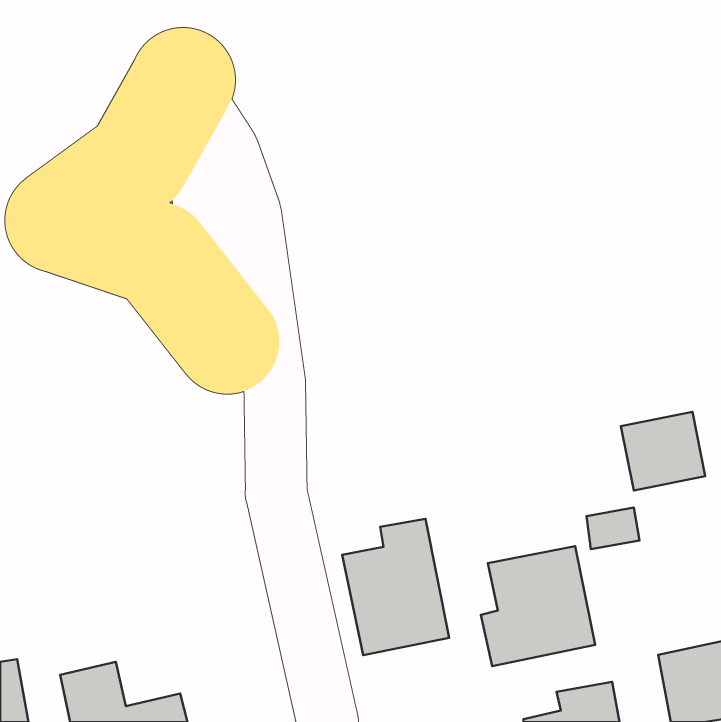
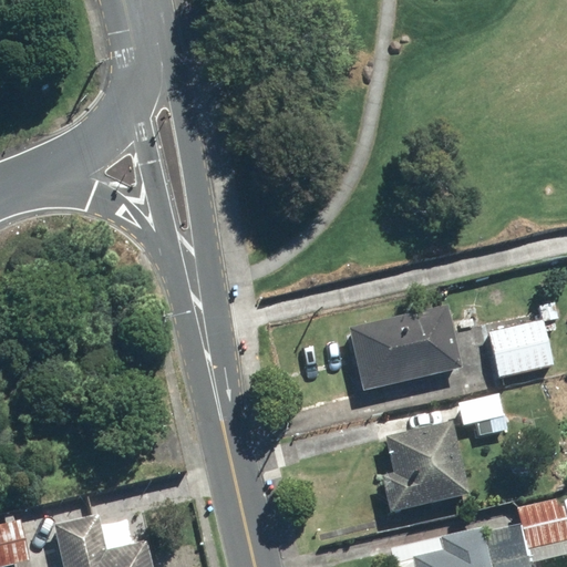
building: none -> [348,306,462,391]
building: [342,519,449,655] -> none

